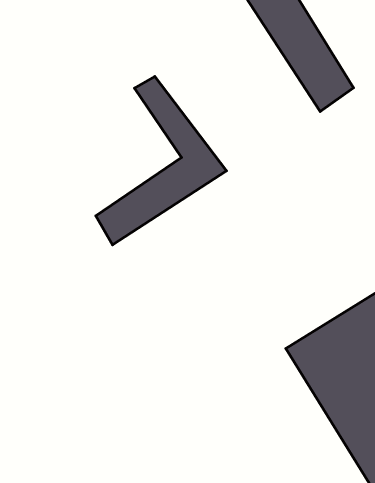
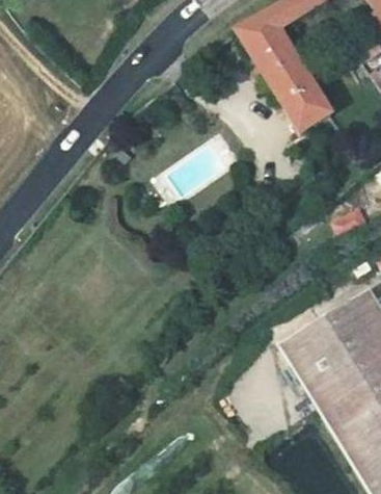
building: [96,77,227,245] -> none

